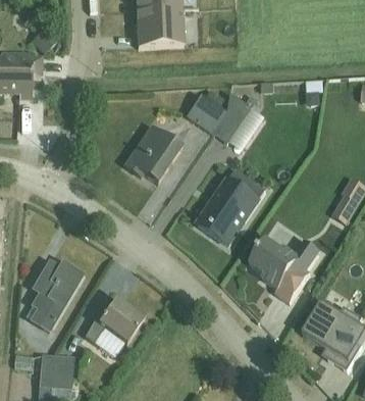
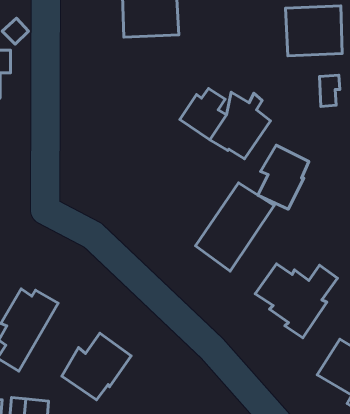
building: none -> [285,6,342,56]
building: [124,126,180,182] -> none
building: none -> [258,145,309,209]

